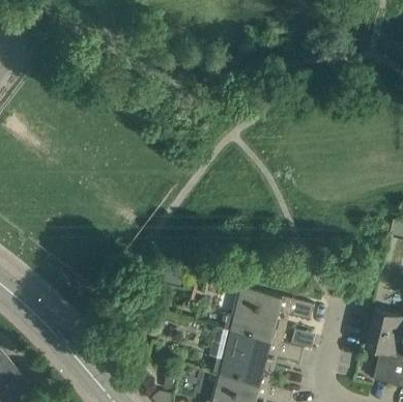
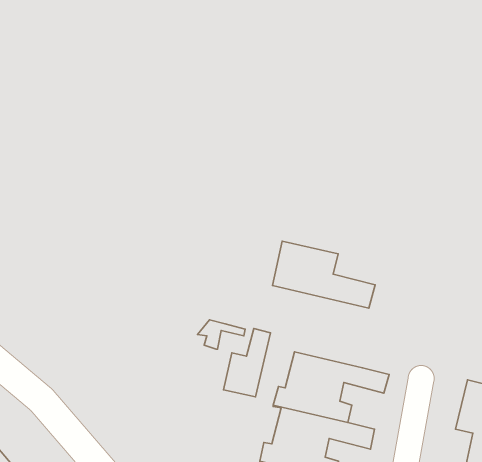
building: none -> [272,241,375,308]
building: none -> [224,329,270,397]

